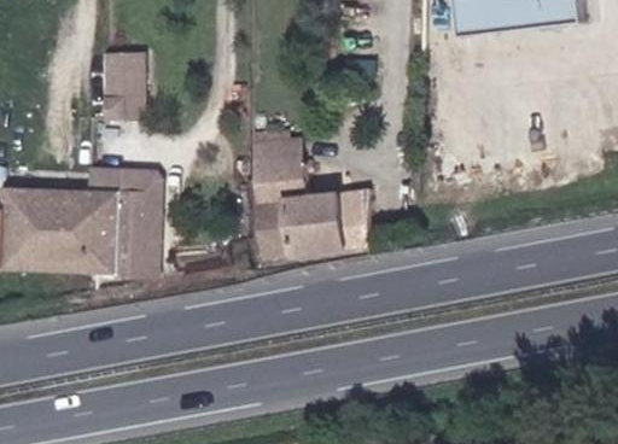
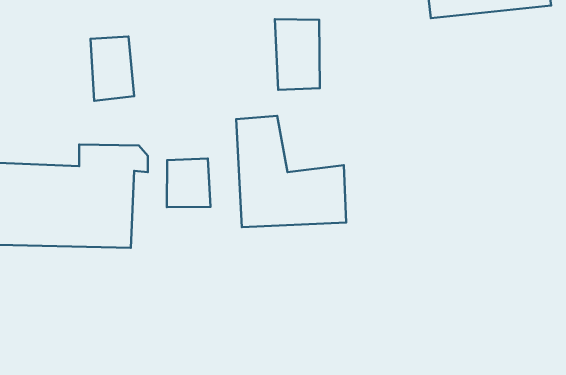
building: none -> [275,19,320,90]
building: none -> [167,158,210,207]

